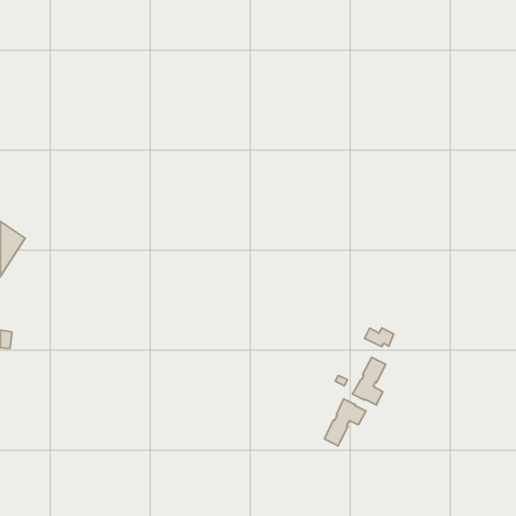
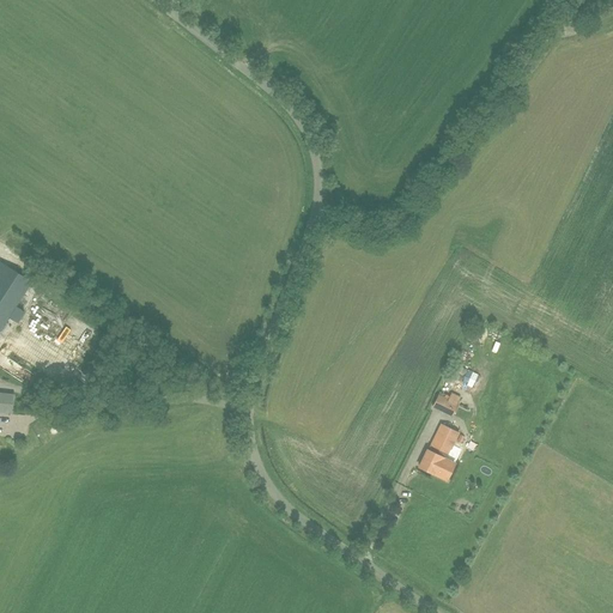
building: [325,399,366,446] -> none

